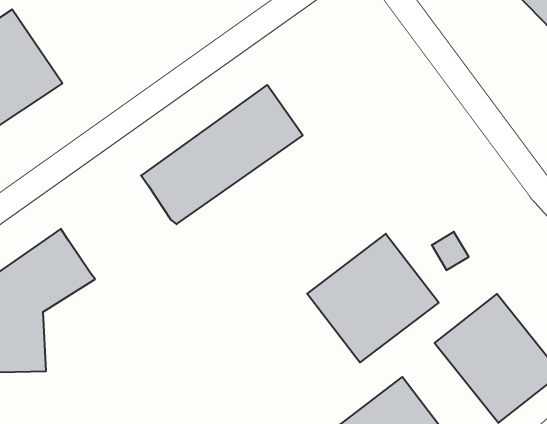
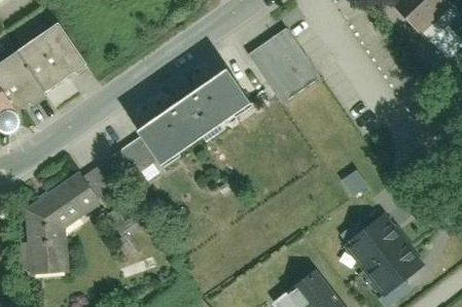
building: none -> [252,32,322,105]
building: none -> [86,138,157,199]
building: [307,234,439,362] -> none

